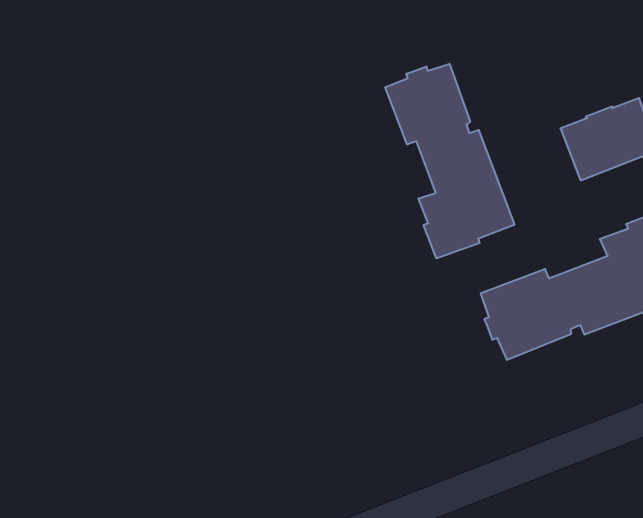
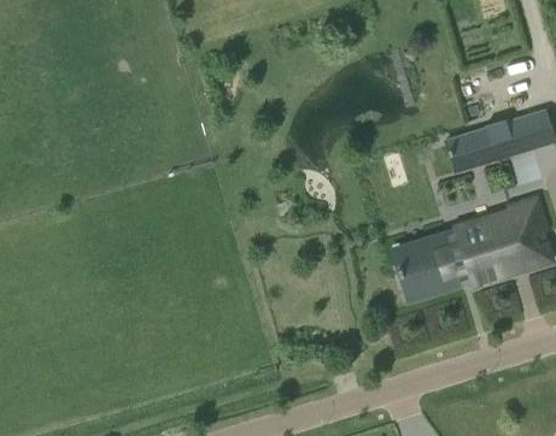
building: [385,64,514,258] -> none

